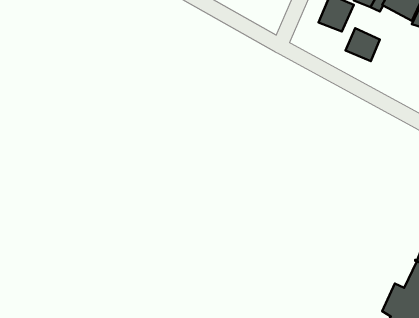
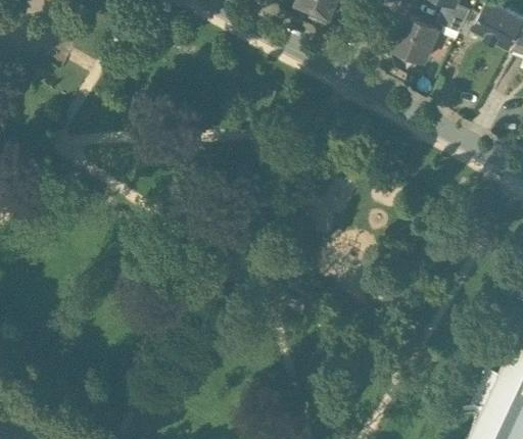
building: [346,28,380,61] -> none

